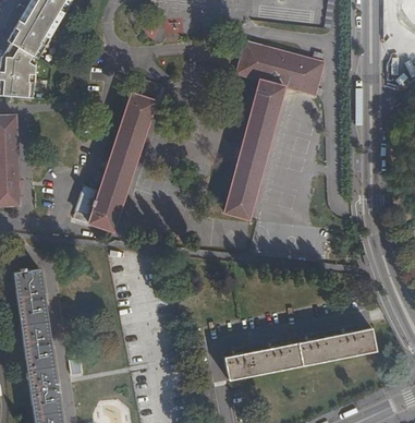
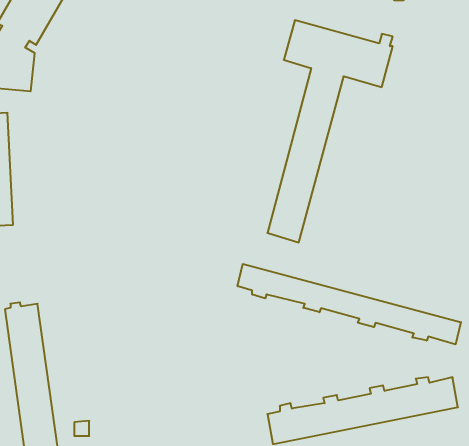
building: [73,76,161,230] -> none
building: none -> [238,264,461,344]

